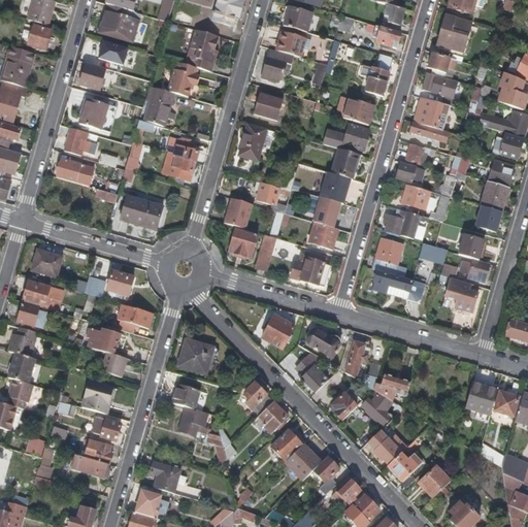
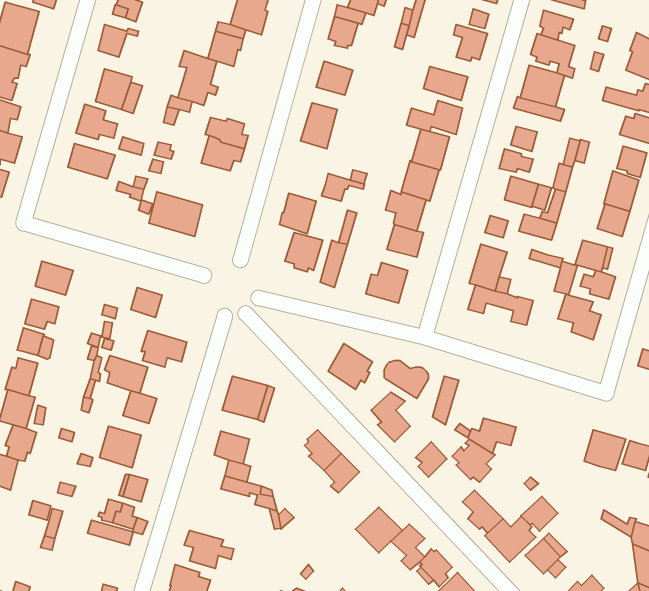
building: [269,430,301,461] -> none
building: none -> [521,496,558,531]

